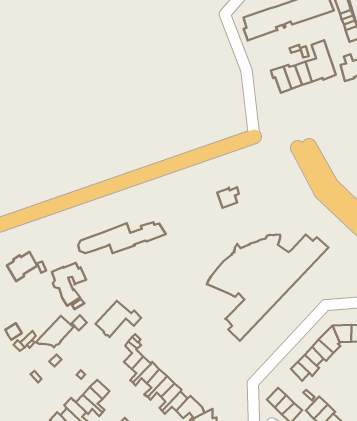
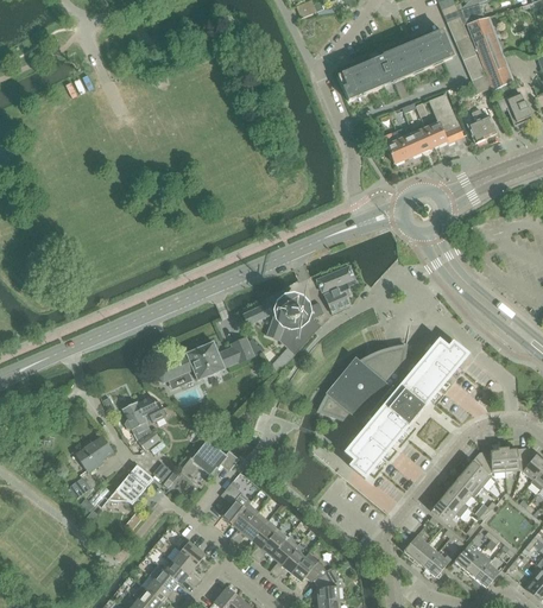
building: none -> [317,265,355,290]
building: none -> [242,289,323,372]
building: [7,252,37,281] -> [75,433,113,471]

